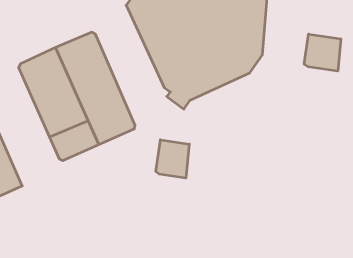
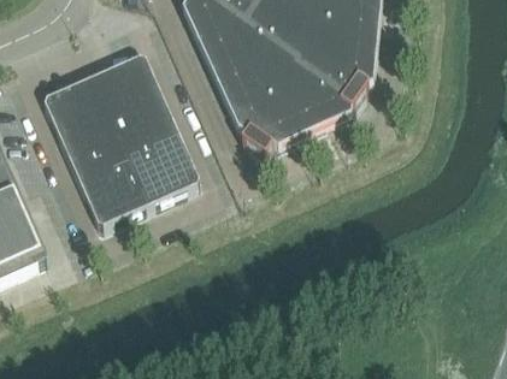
building: [304,34,341,71] -> none
building: [156,140,189,178] -> none

